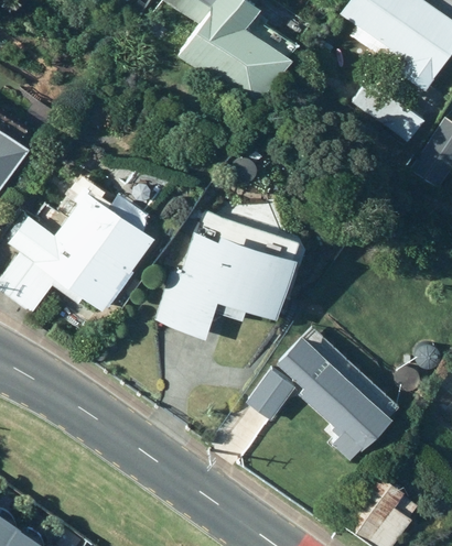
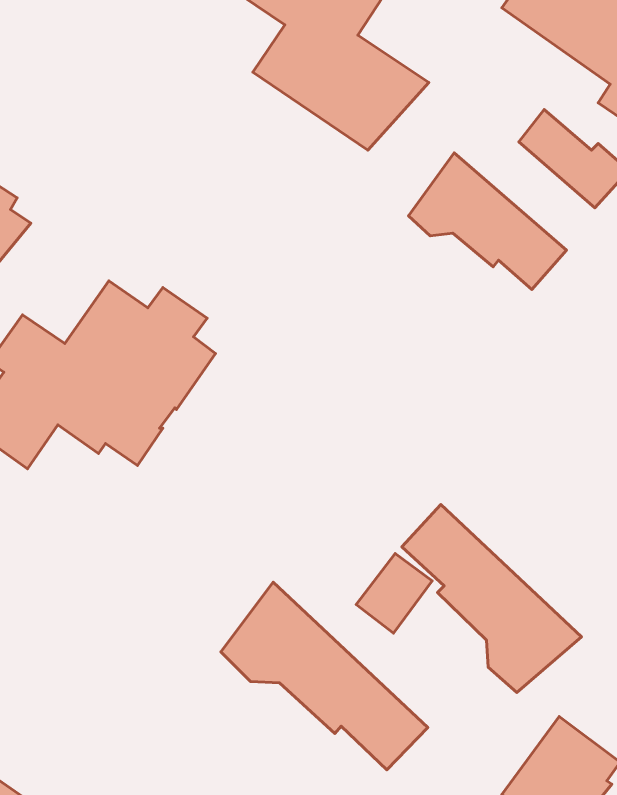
building: none -> [409,153,566,290]
building: [153,233,298,338] -> none
building: none -> [221,582,428,770]

